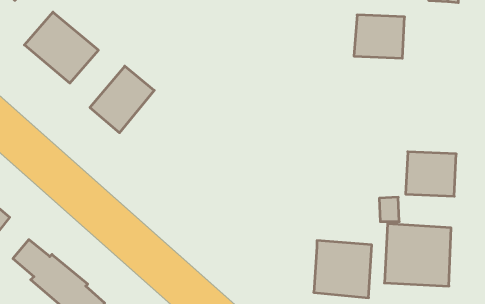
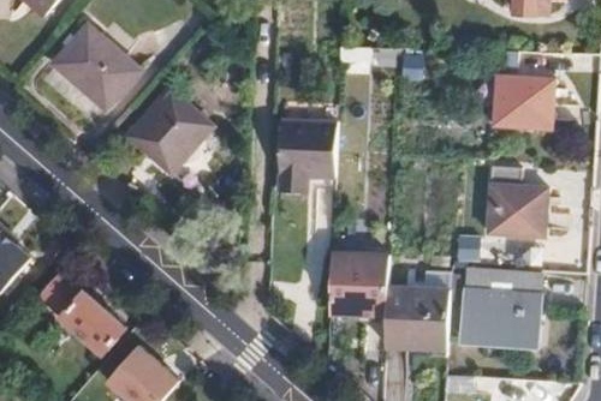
building: [354,15,405,58] -> [495,79,553,128]
building: none -> [276,106,335,178]
building: none -> [328,234,389,295]

